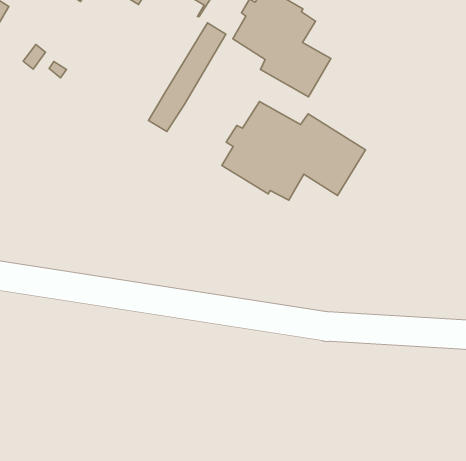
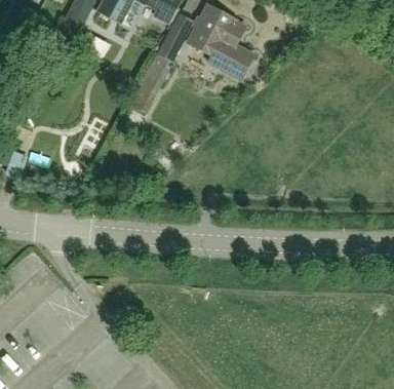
building: [222,102,365,200] -> none

